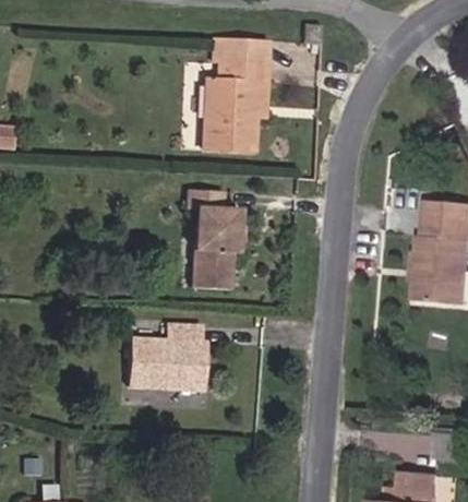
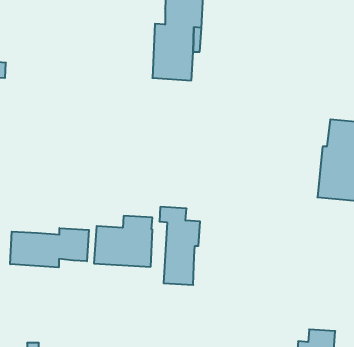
building: [185,190,238,290] -> [159,207,200,285]
building: none -> [10,228,89,267]

